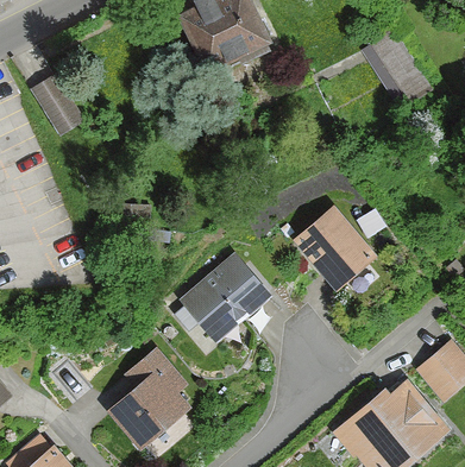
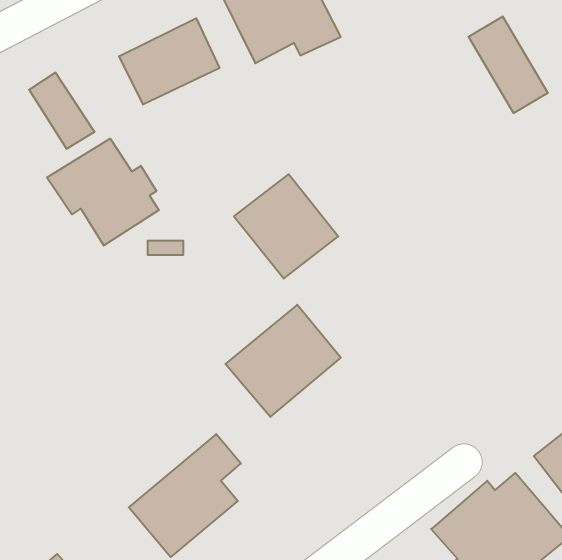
building: none -> [119,18,220,105]
building: none -> [47,139,159,246]
building: [291,207,371,286] -> [234,174,338,279]

